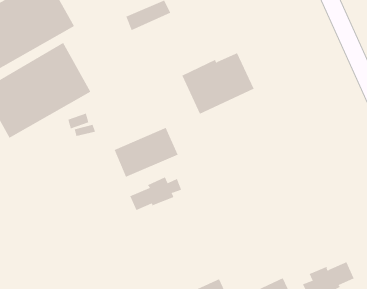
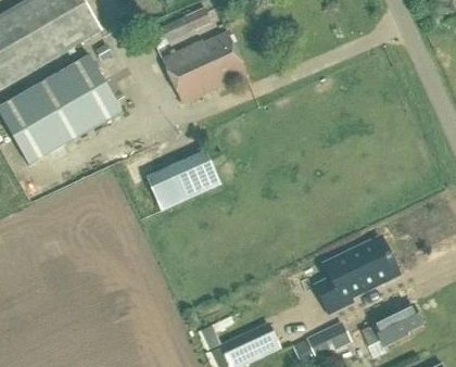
building: [181,52,255,114] -> [163,30,246,101]
building: [130,177,182,211] -> none
building: none -> [316,236,397,312]

